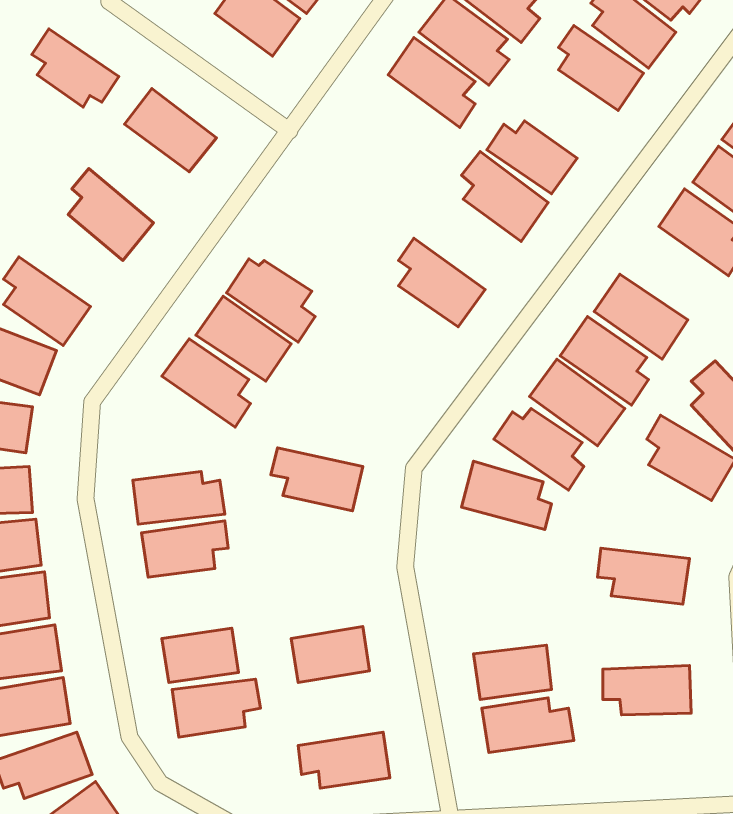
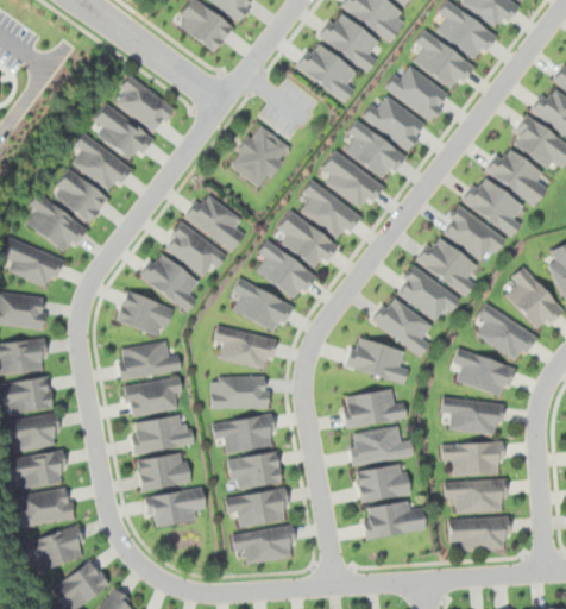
building: [32,29,119,107] -> [93,103,153,158]
building: none -> [388,63,449,120]
building: none -> [227,123,291,190]
building: none -> [317,151,384,211]
building: none -> [49,169,108,224]
building: none -> [461,174,522,237]
building: none -> [278,209,340,271]
building: none -> [254,239,317,302]
building: none -> [232,276,294,335]
building: none -> [115,290,174,337]
building: none -> [453,347,517,397]
building: none -> [210,376,269,408]
building: none -> [341,389,405,427]
building: none -> [212,414,277,453]
building: none -> [128,415,194,454]
building: none -> [346,426,413,465]
building: none -> [442,441,504,475]
building: none -> [225,488,290,527]
building: none -> [448,516,509,551]

